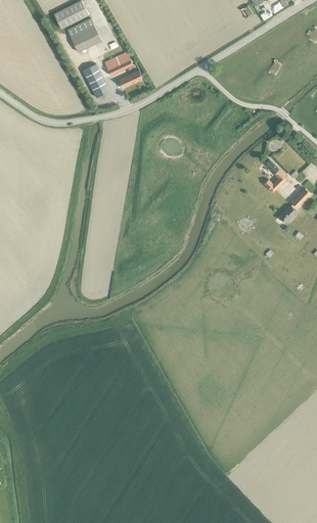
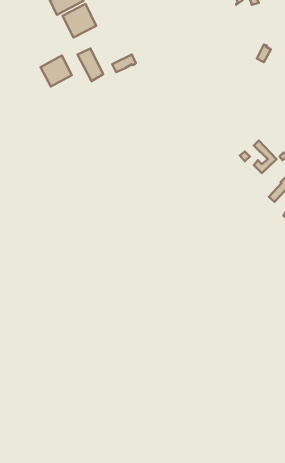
building: [102,51,132,76] -> none
building: none -> [41,56,72,87]

